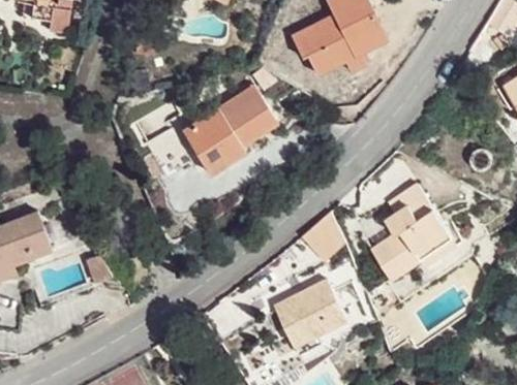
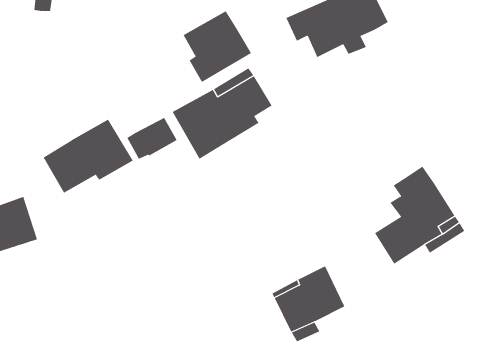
building: none -> [183,11,252,83]
building: none -> [43,119,134,194]
building: [301,210,347,265] -> none

